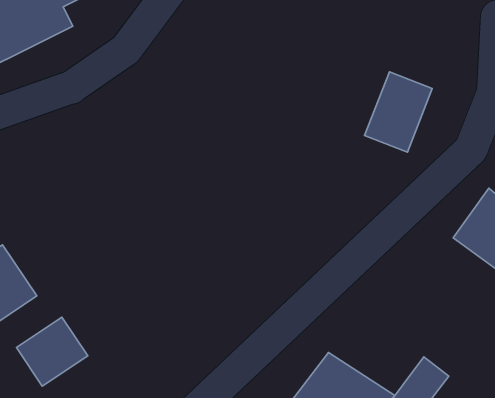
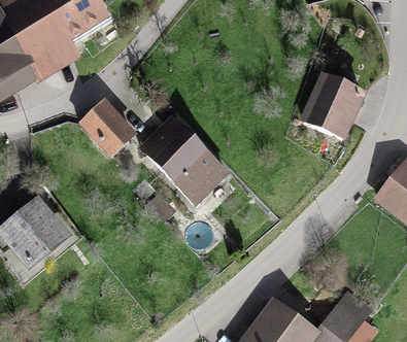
building: none -> [79,103,133,159]
building: none -> [138,118,223,207]
building: [16,317,88,386] -> none

